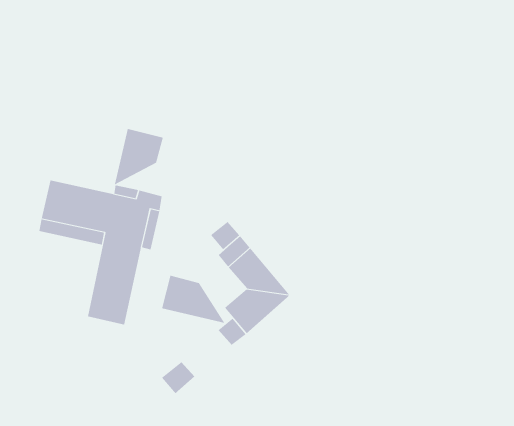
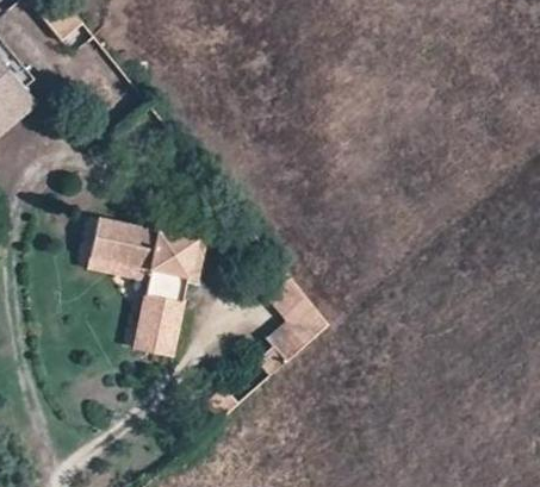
building: [114,128,163,185] -> none
building: [161,275,225,324] -> none

